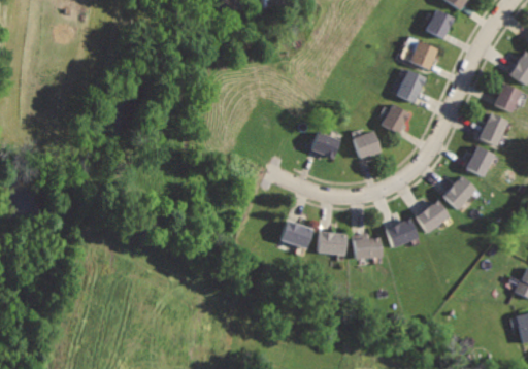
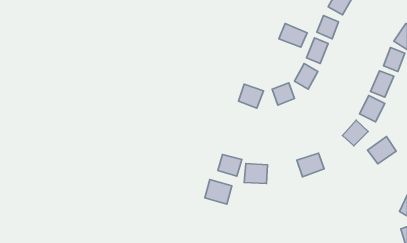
building: none -> [279,23,307,47]
building: [415,199,452,234] -> [367,137,396,164]
building: [354,237,385,261] -> none
building: none -> [205,180,232,204]

